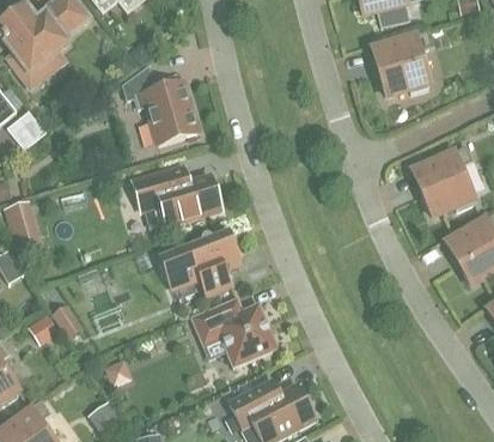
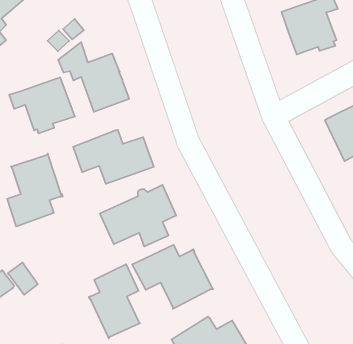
building: none -> [9,77,75,133]
building: none -> [7,154,63,227]
building: none -> [89,264,140,338]

